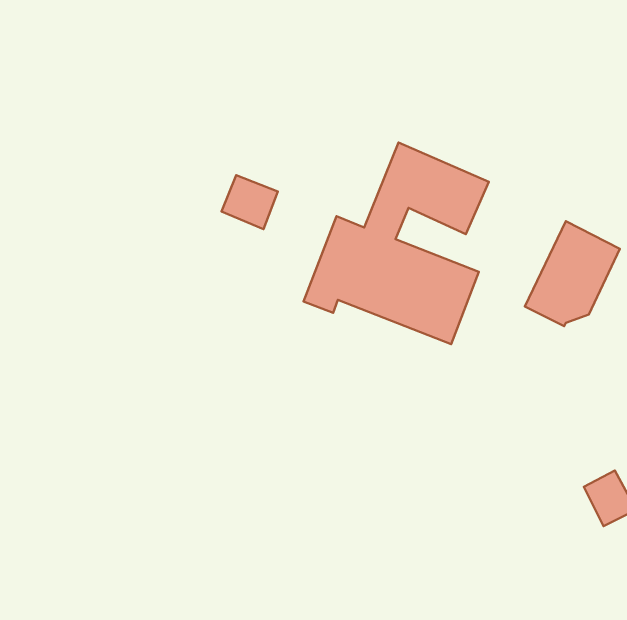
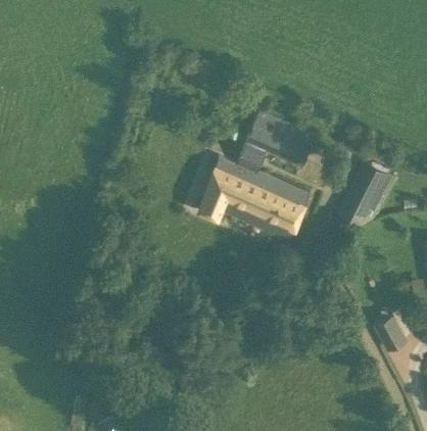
building: [221,175,278,229] -> none

